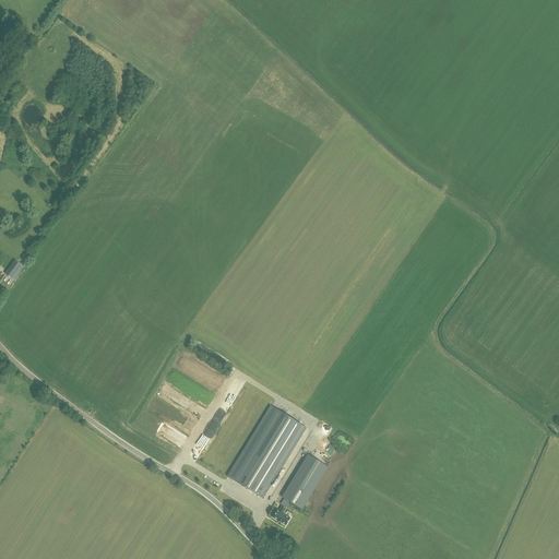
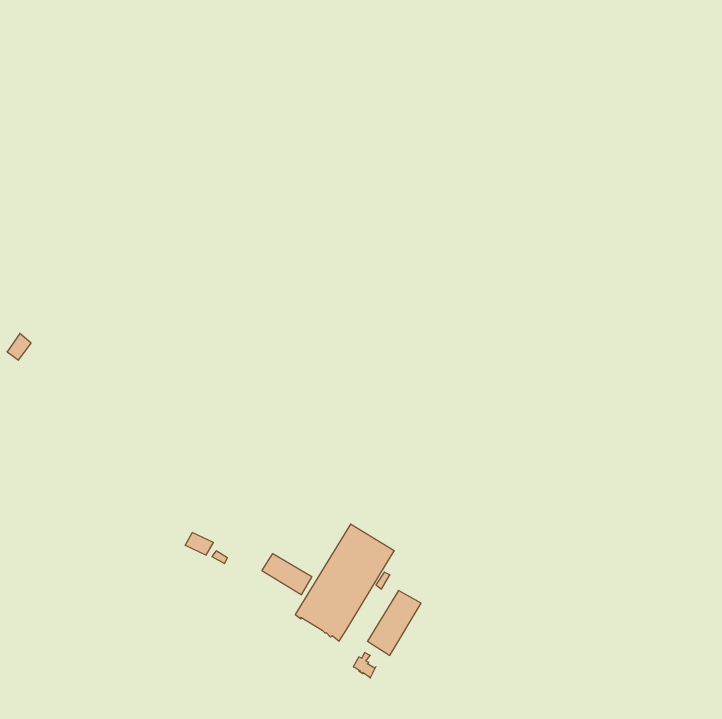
building: none -> [262,554,312,595]

